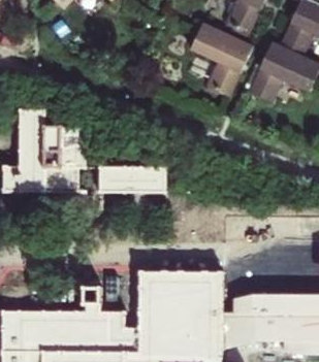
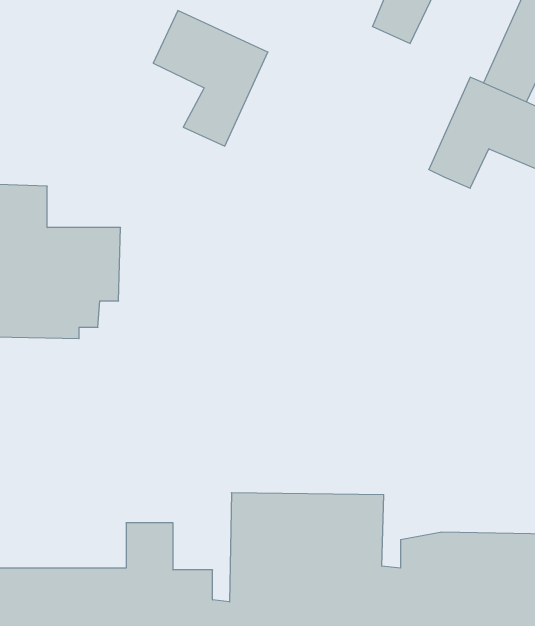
building: [184,18,247,92] -> [153,11,268,146]
building: [97,163,165,192] -> none

